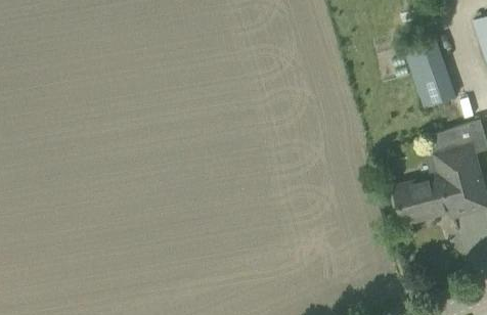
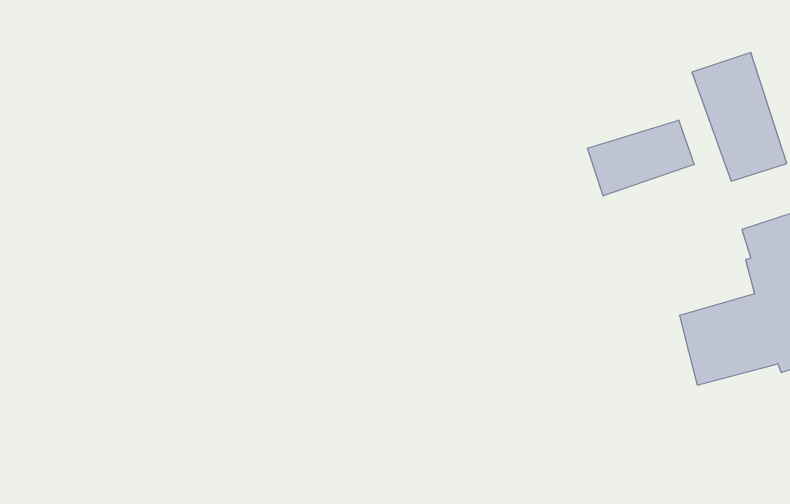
building: none -> [587,120,694,196]

